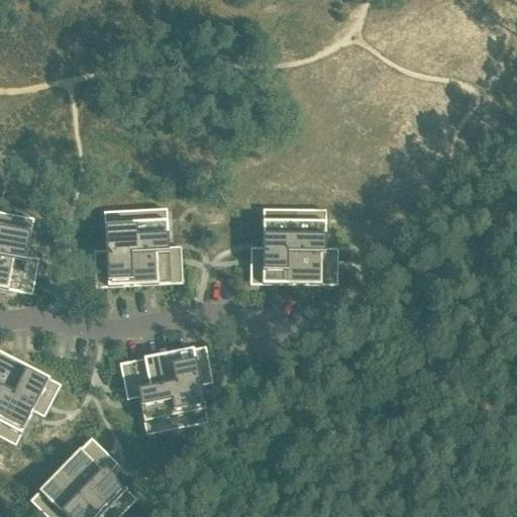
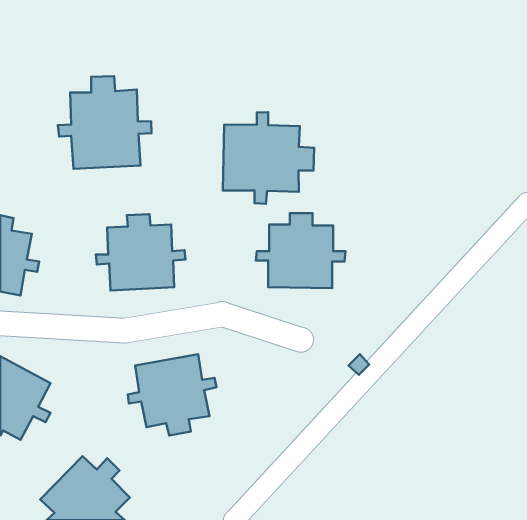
building: none -> [58,76,151,169]
building: none -> [223,112,314,204]

